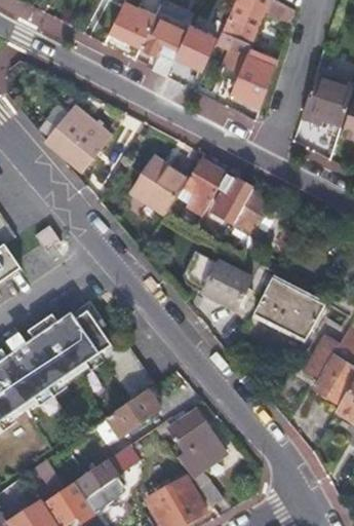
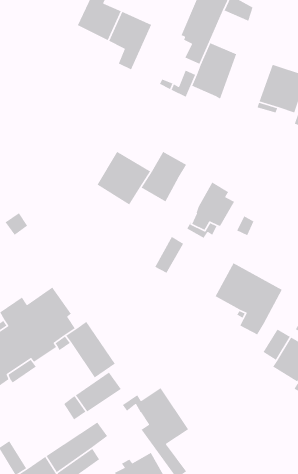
building: [167,23,217,88] -> none
building: [51,111,110,168] -> none
building: [214,175,253,224] -> none
building: [203,261,251,309] -> none

